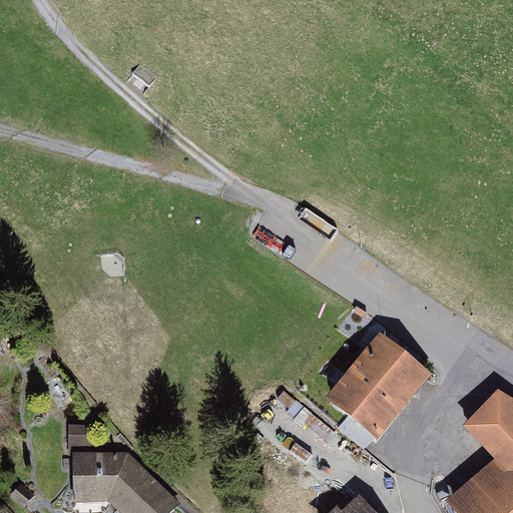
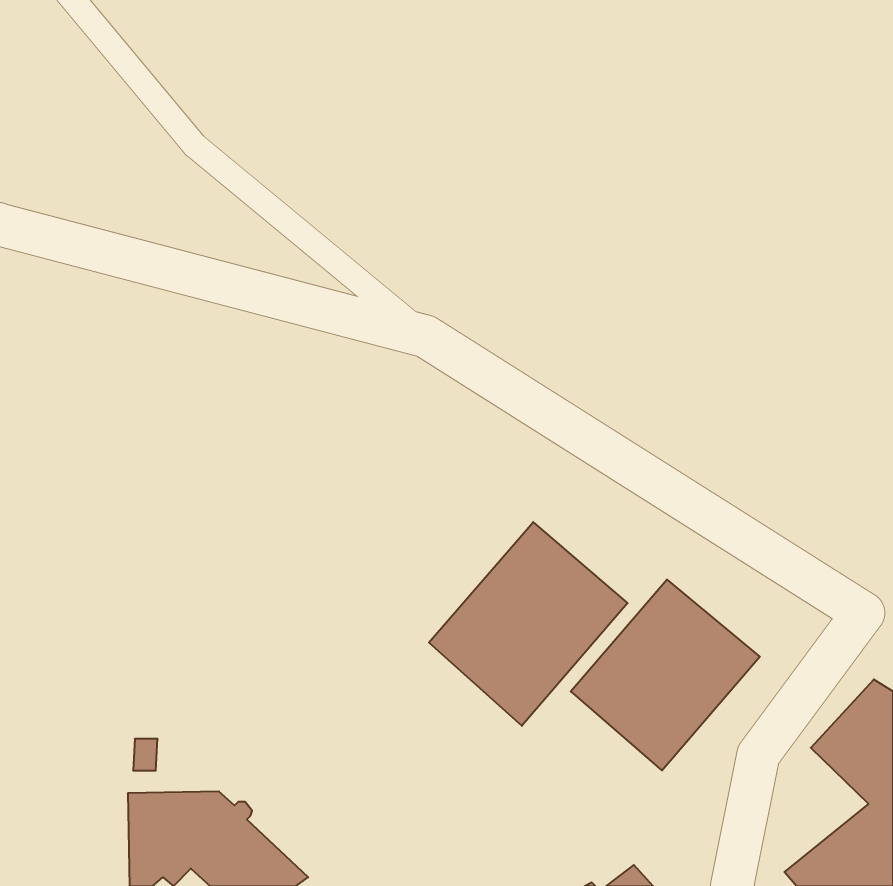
building: none -> [429,522,628,726]

